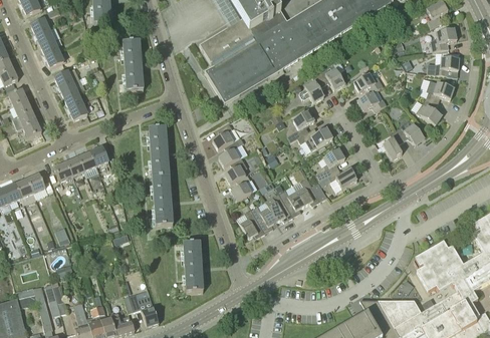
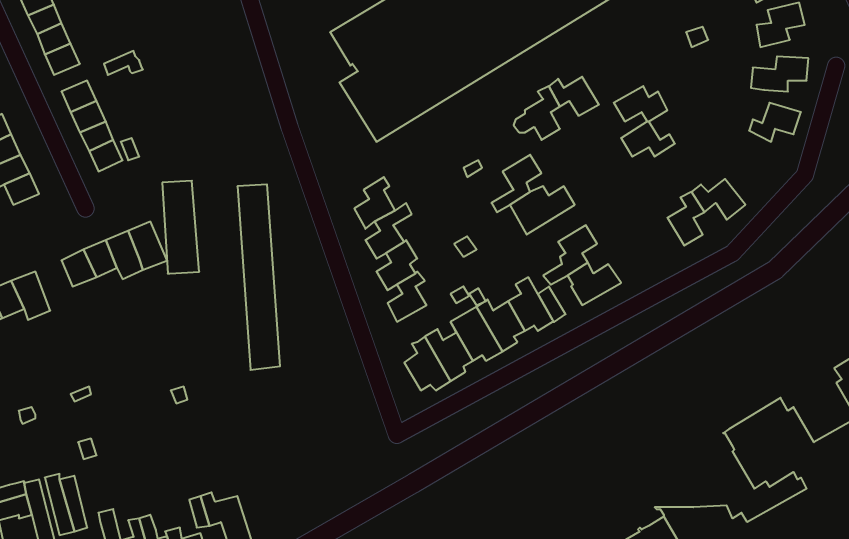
building: [122,40,143,90] -> [162,181,199,274]
building: [415,96,441,124] -> none
building: [183,241,203,292] -> none

